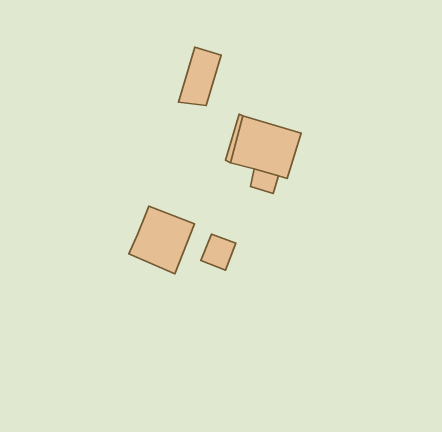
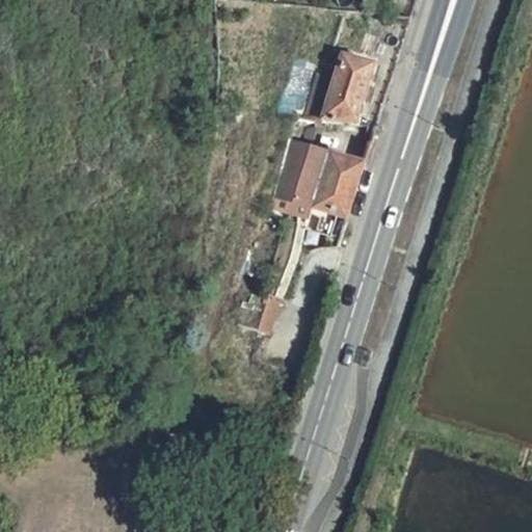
building: [178,47,221,106] -> [324,52,375,122]
building: [129,206,194,274] -> none

